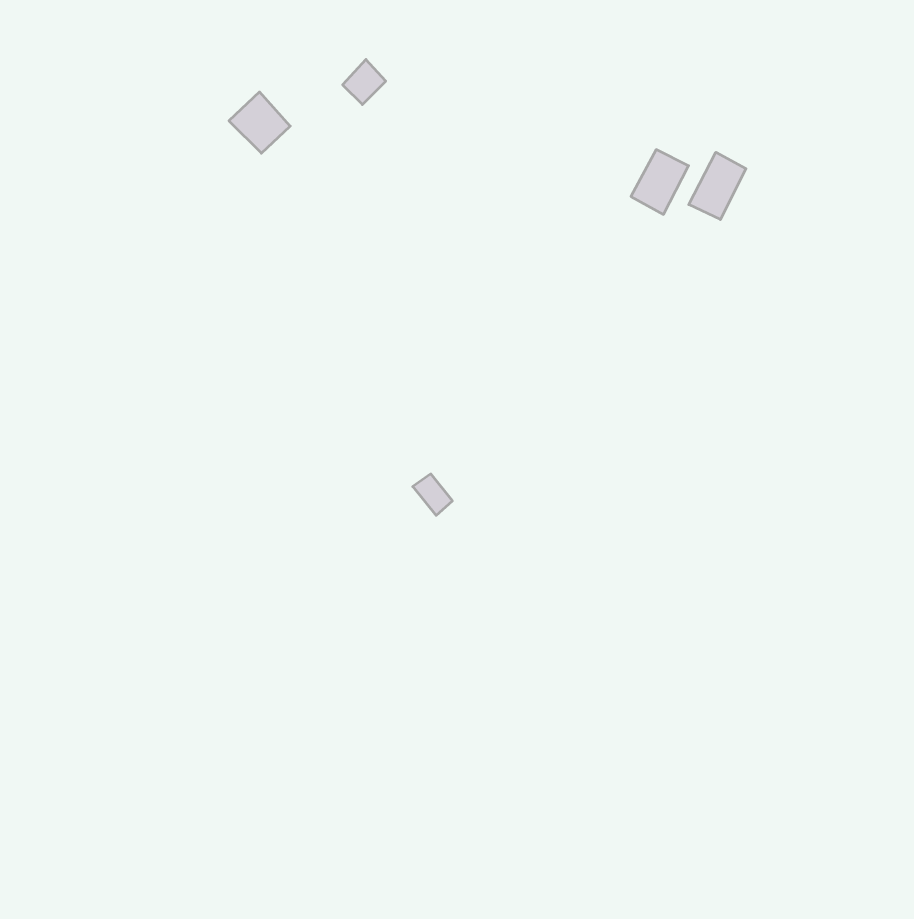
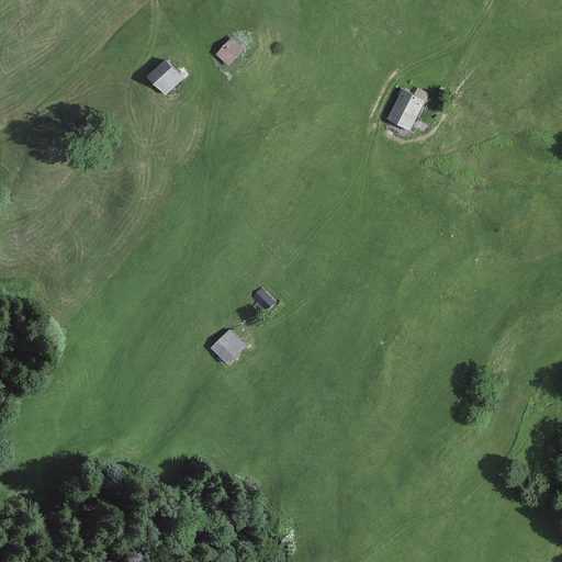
building: [689,152,746,220] -> none
building: none -> [211,329,246,364]

